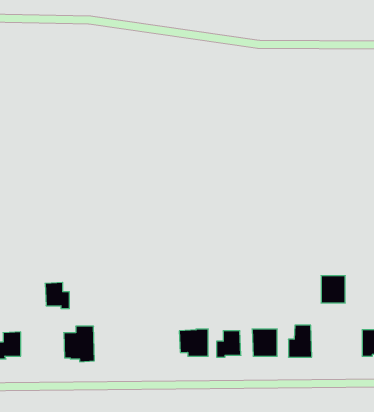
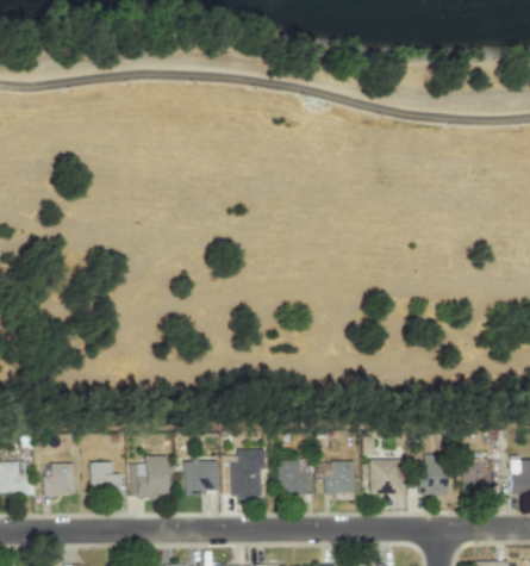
building: [321,276,345,303] -> [461,458,492,492]
building: [45,282,69,309] -> [89,460,120,493]
building: none -> [230,448,266,498]
building: none -> [183,456,219,493]

